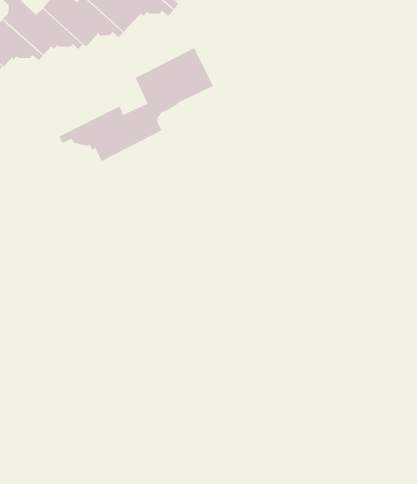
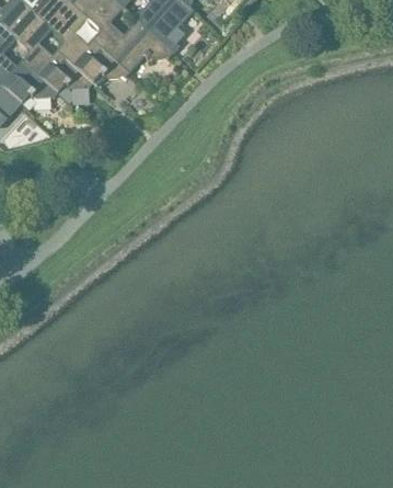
building: [58,47,214,163] -> none

